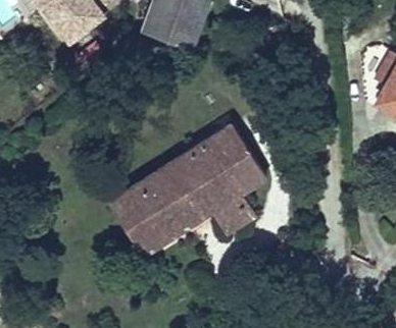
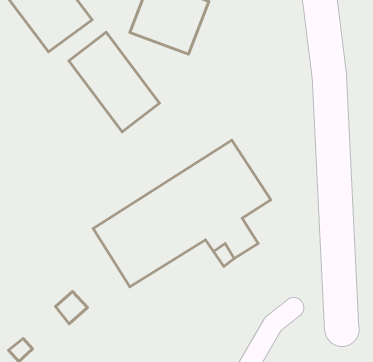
building: none -> [69,32,159,132]

